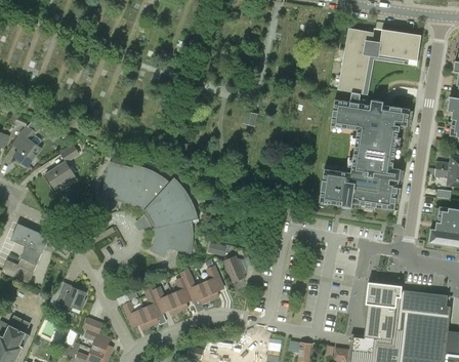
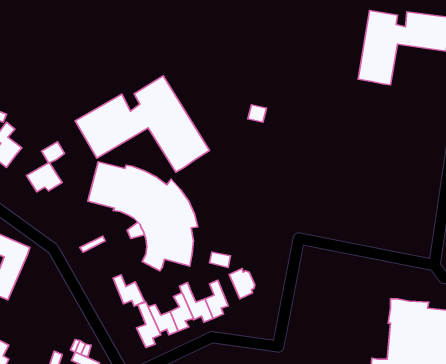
building: none -> [75,76,210,172]
building: [318,90,409,209] -> none
building: [54,287,86,314] -> none
building: [123,301,151,329] -> [113,275,145,306]

